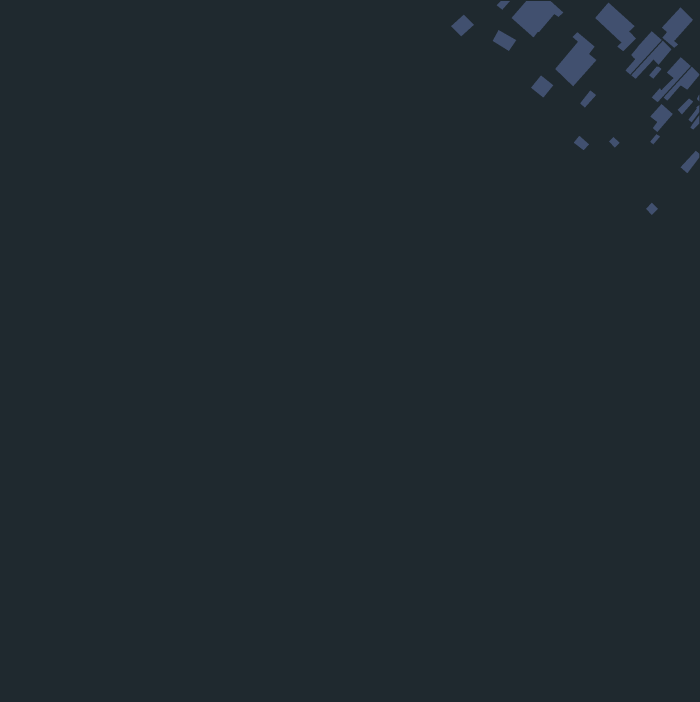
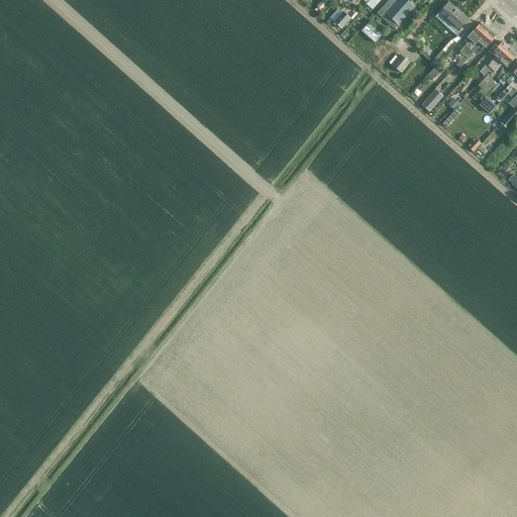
building: [661,6,694,49] -> none
building: [554,31,597,87] -> none

